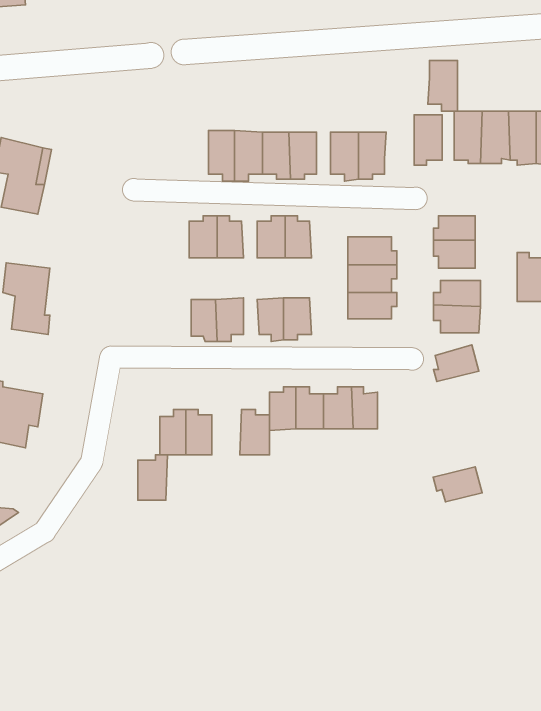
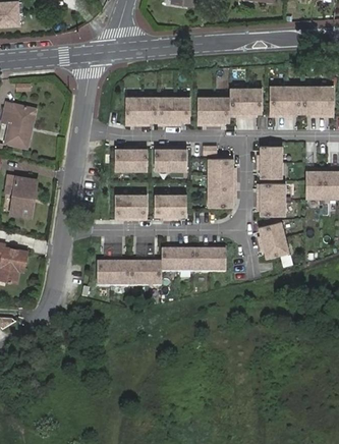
building: [428,61,457,111] -> [229,88,246,117]
building: [138,455,168,500] -> [128,260,146,286]
building: [433,467,482,502] -> [260,237,288,258]

